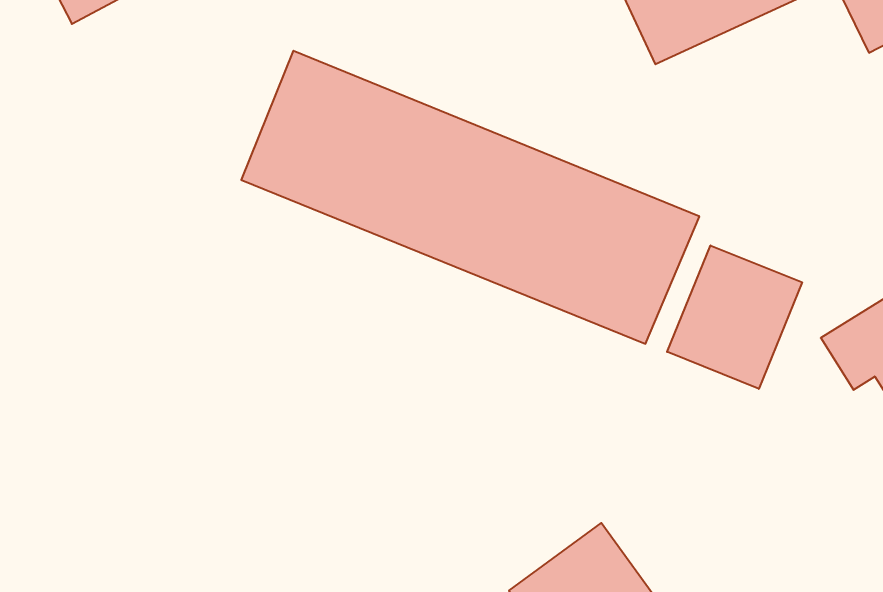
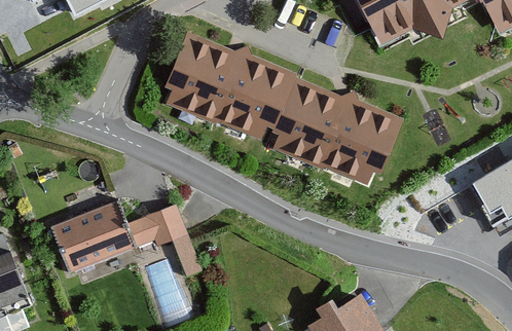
building: [667,245,802,389] -> none
building: none -> [52,196,205,284]

